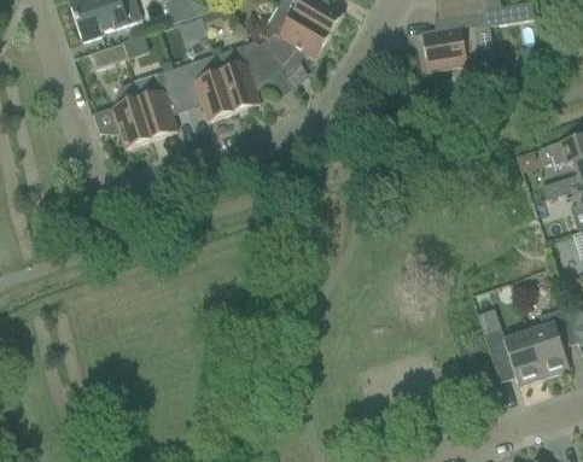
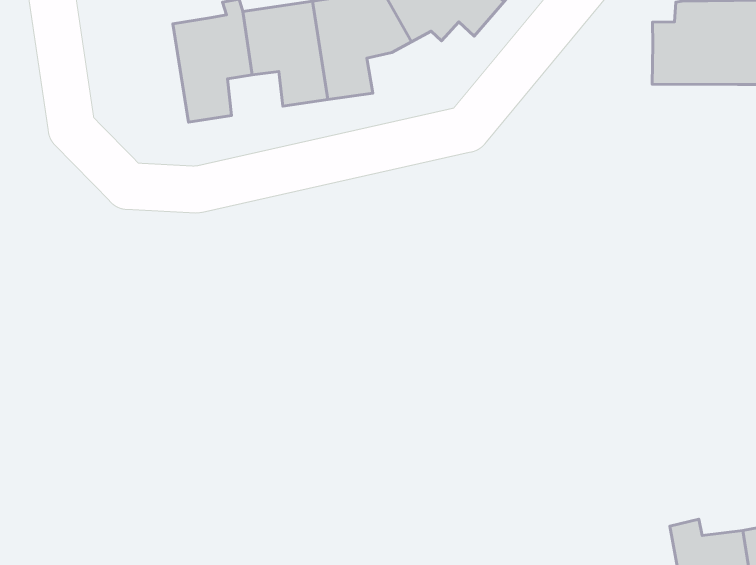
building: [93,82,152,148] -> none

